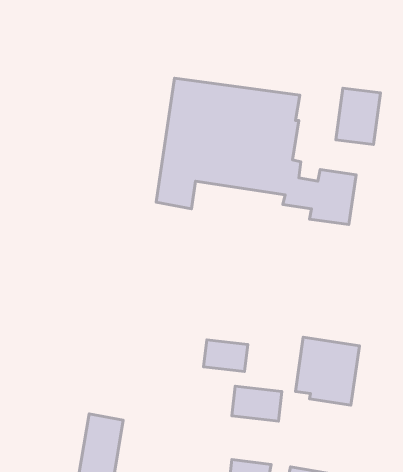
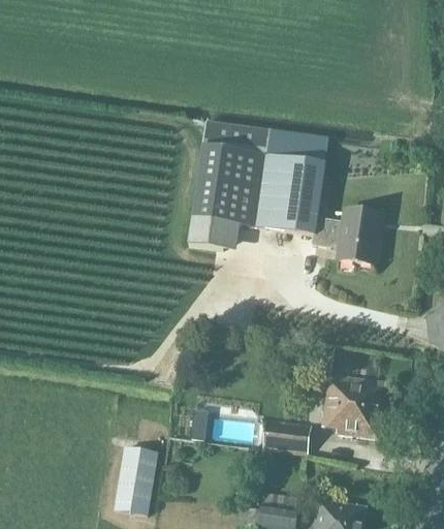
building: [336,88,380,144] -> none
building: [203,340,248,372] -> none

